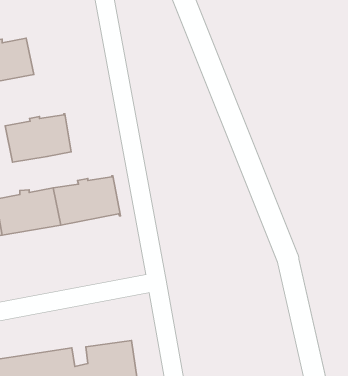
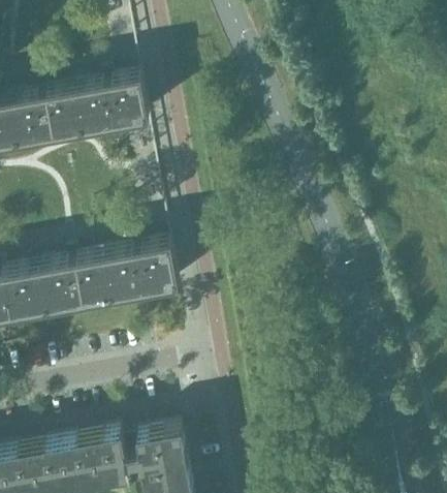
building: [5,114,71,162] -> [67,78,140,131]

